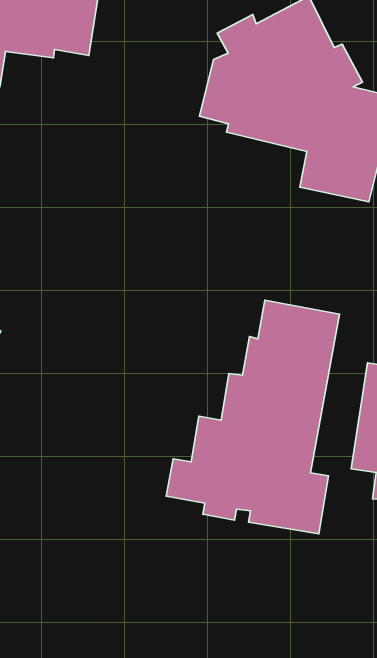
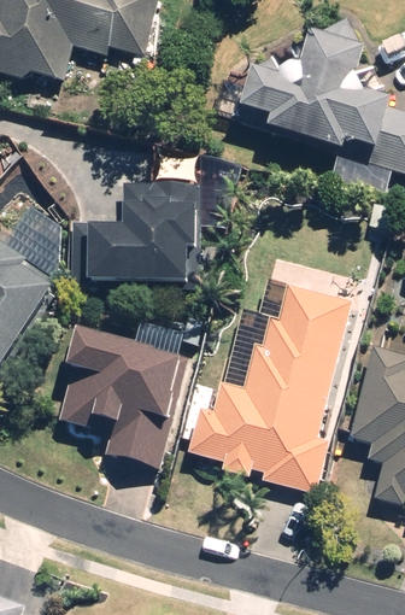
building: none -> [68,177,200,286]
building: none -> [60,338,181,469]

